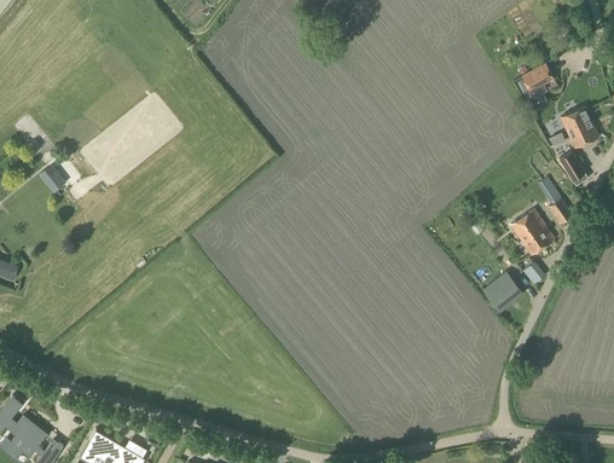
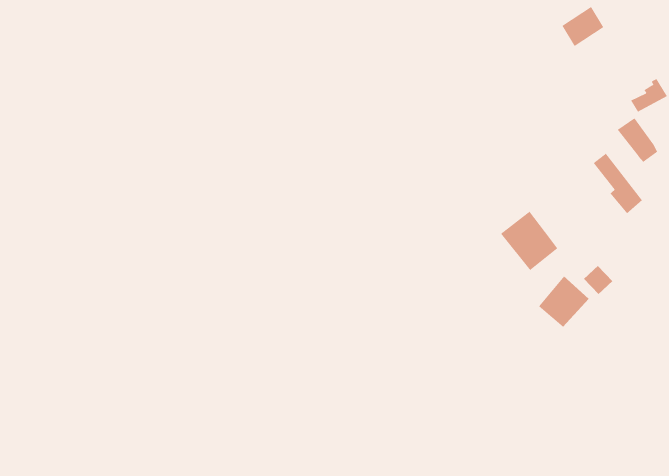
building: [560,108,591,139] -> none
building: [510,210,554,256] -> [500,211,558,271]

